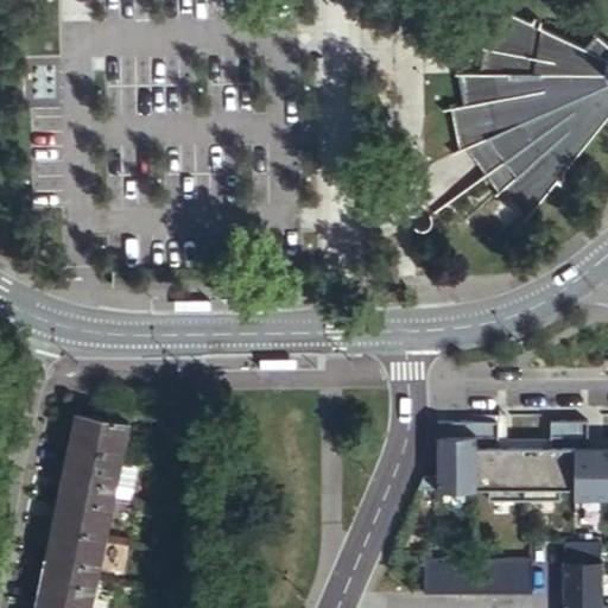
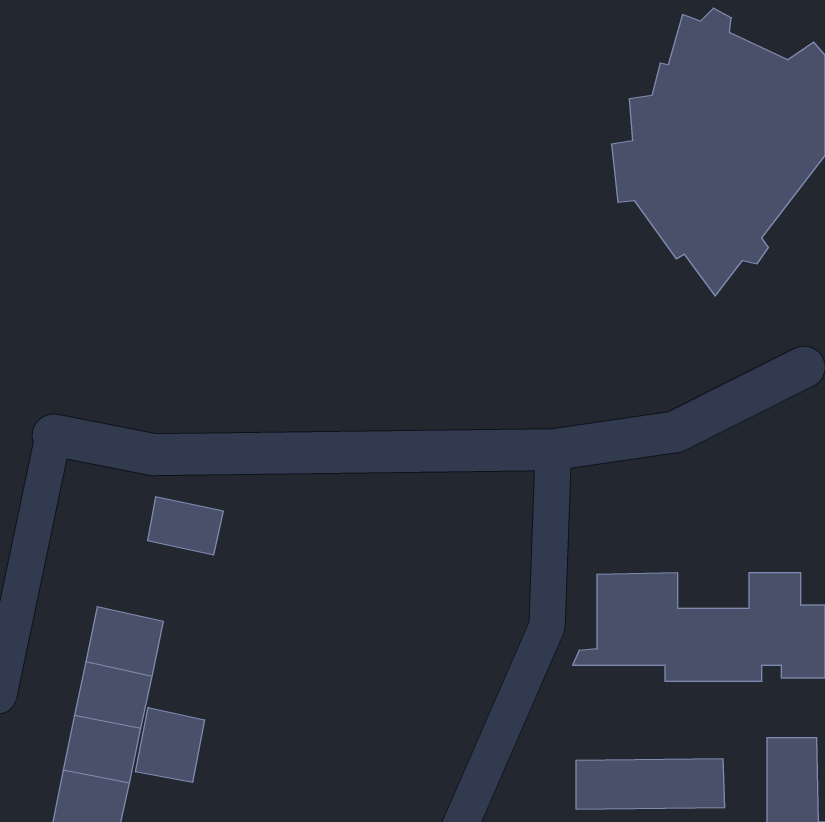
building: [71,417,127,460] -> [147,497,223,555]
building: none -> [136,707,204,782]

